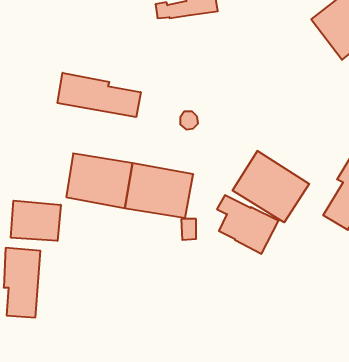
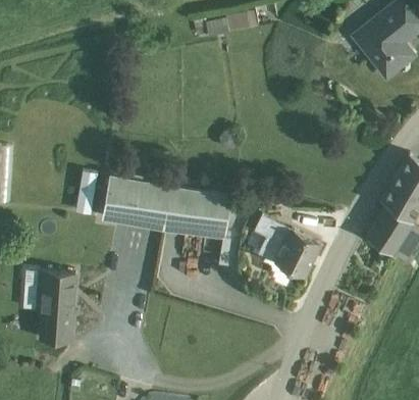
building: [58,73,141,117] -> none
building: [233,151,309,222] -> none
building: [11,201,61,241] -> none

